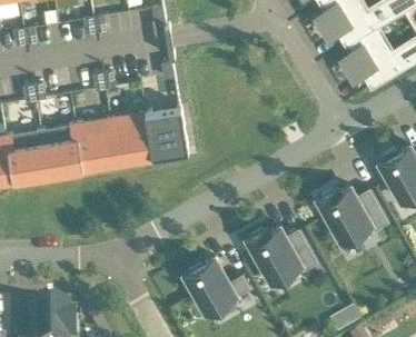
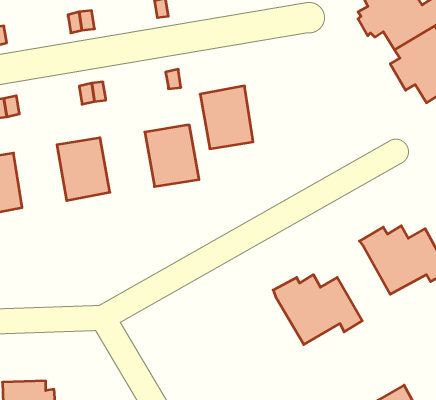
building: [110,109,152,159] -> [200,86,253,149]
building: [41,121,83,171] -> none
building: [182,257,248,313] -> none

